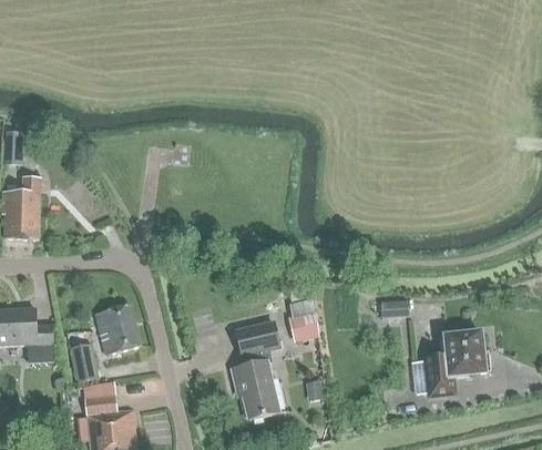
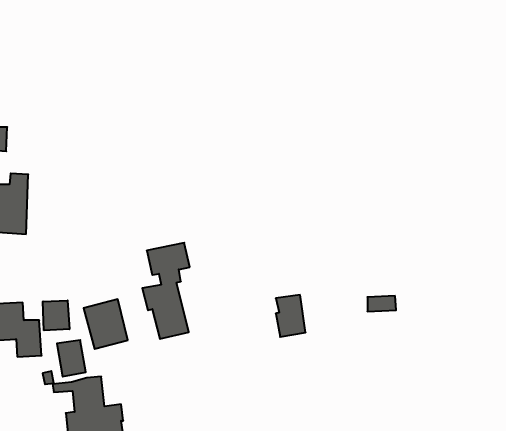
building: none -> [43,300,69,330]
building: [231,321,278,418] -> [142,243,190,339]
building: [423,331,491,396] -> none

